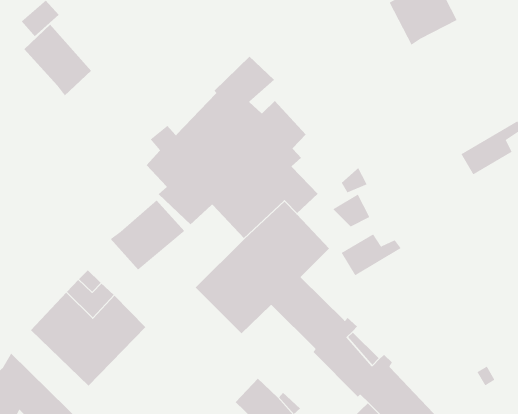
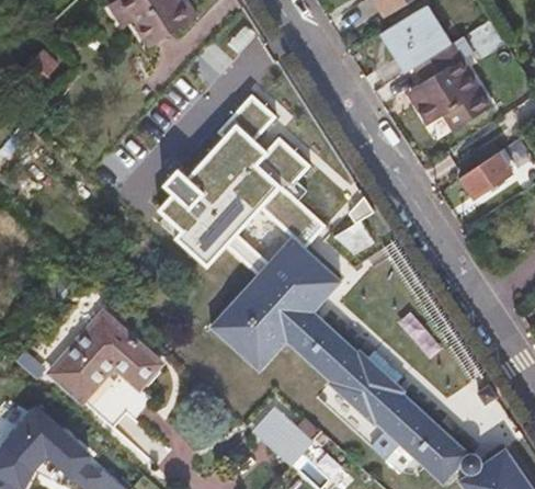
building: none -> [407,42,491,133]
building: [24,24,92,96] -> none
building: [110,199,185,271] -> none
building: [341,233,401,276] -> none

